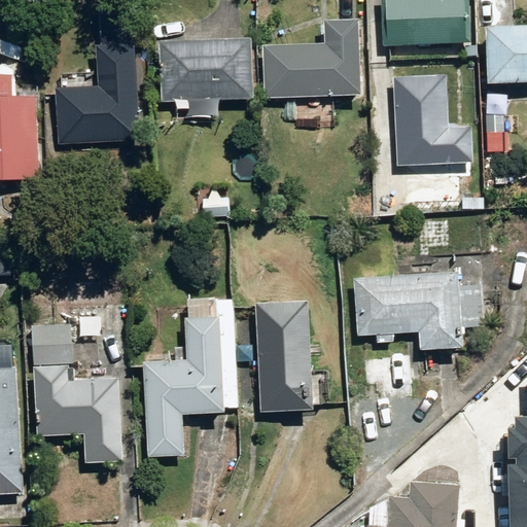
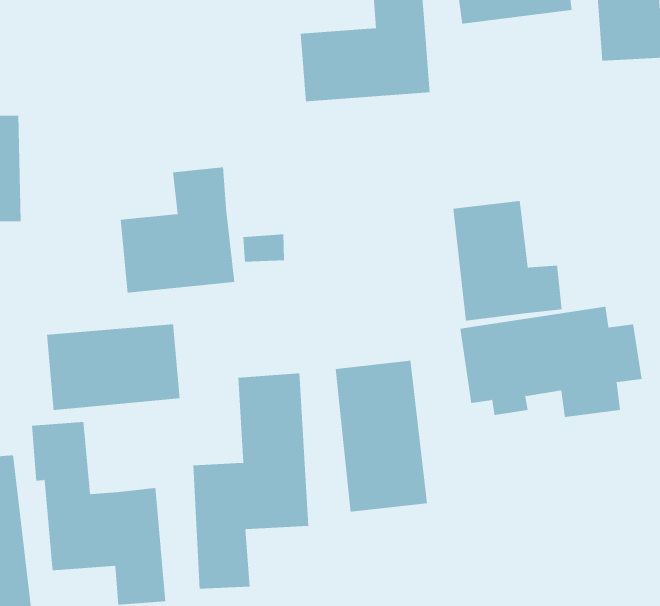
building: [150,44,238,106] -> none
building: [58,54,139,141] -> [120,167,235,293]
building: [384,78,459,164] -> [453,201,562,321]
building: none -> [46,323,180,411]

